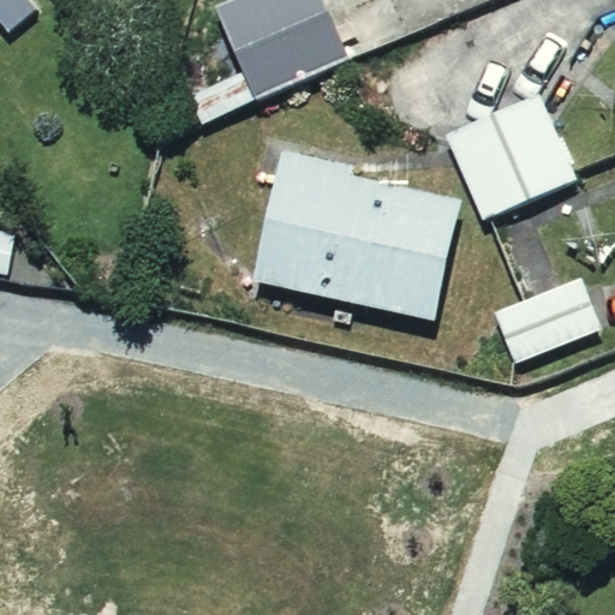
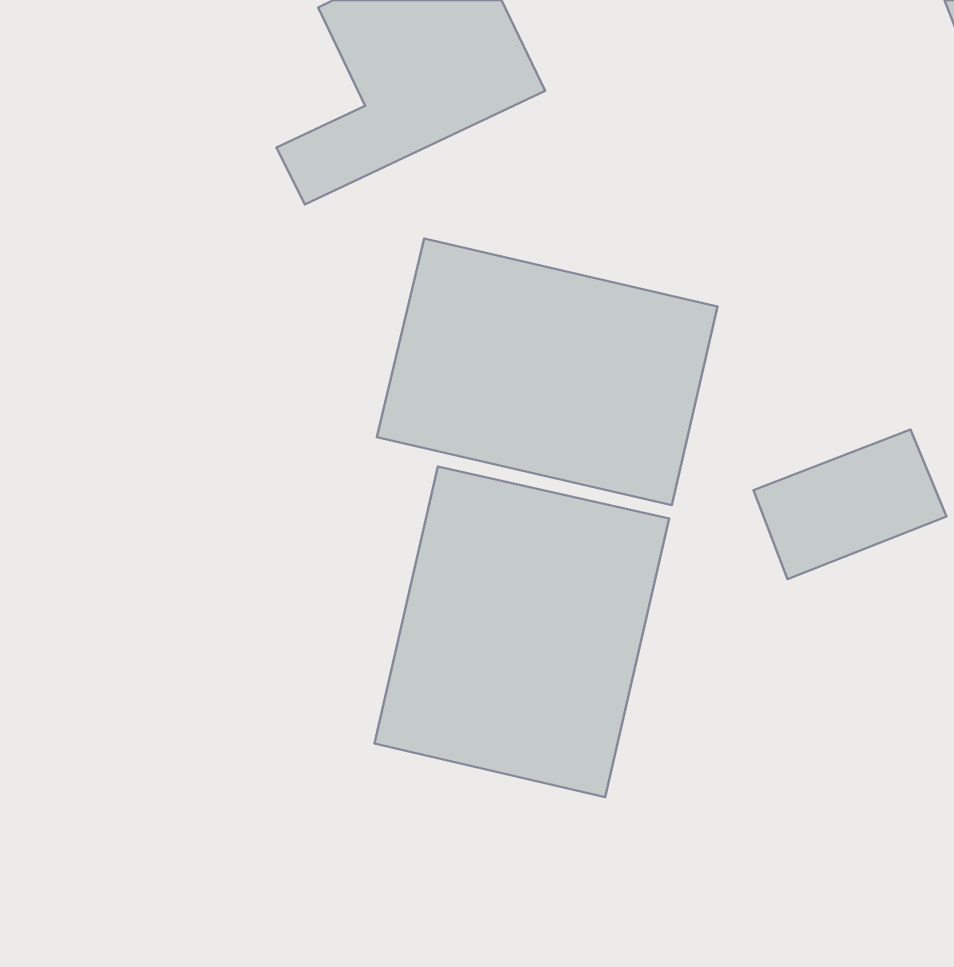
building: [442,88,590,222] -> none
building: none -> [374,467,669,797]

